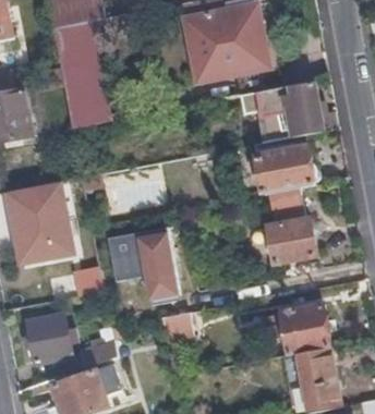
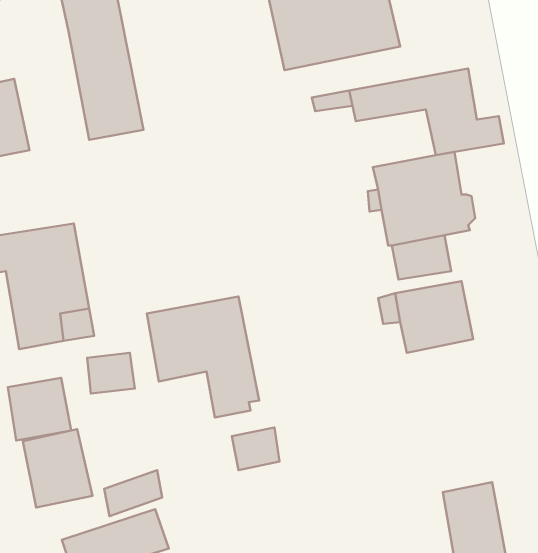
building: none -> [8,378,71,441]
building: [268,304,329,355] -> none

